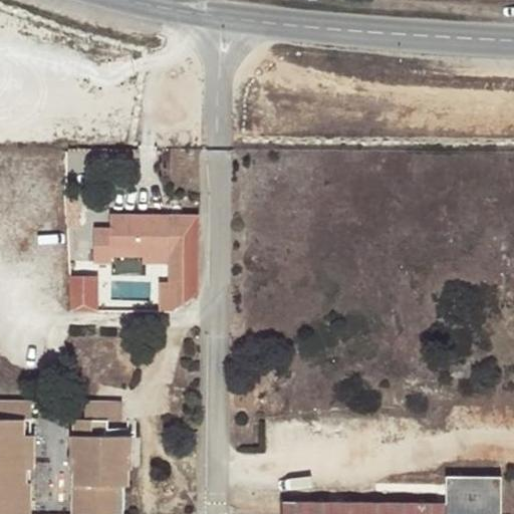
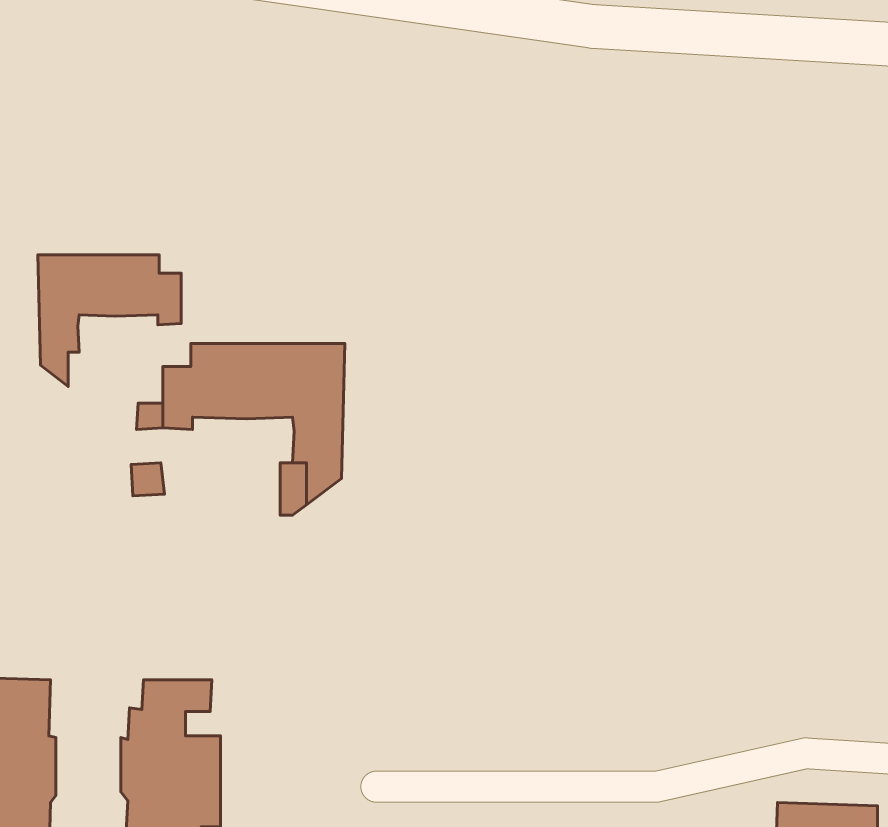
building: none -> [38,255,181,387]

